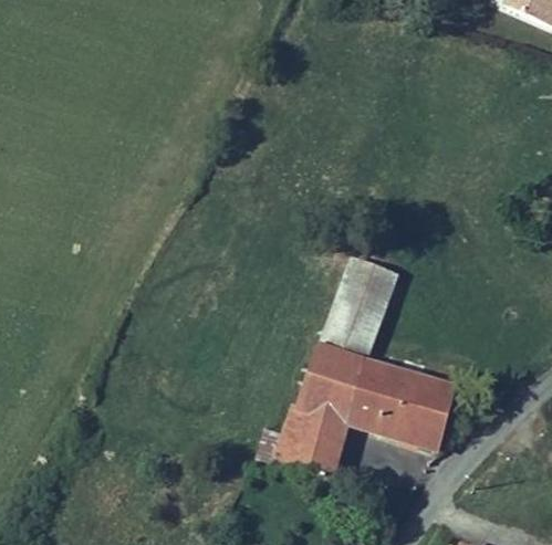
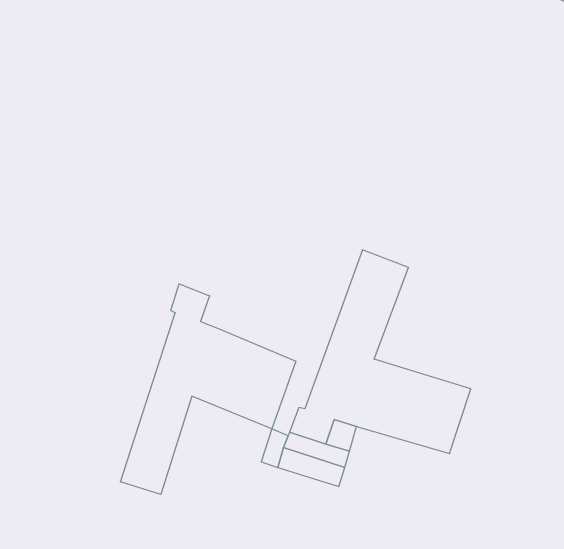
building: none -> [120,284,296,494]

